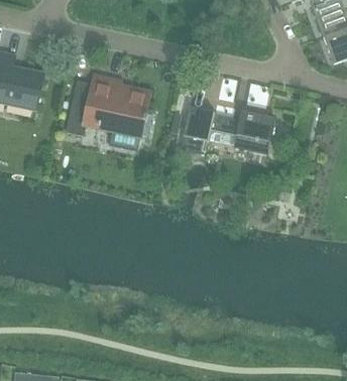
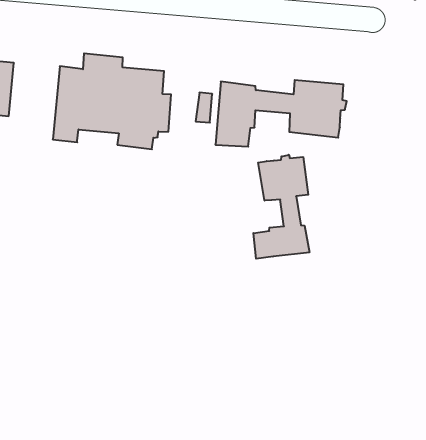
building: none -> [253,155,309,259]

